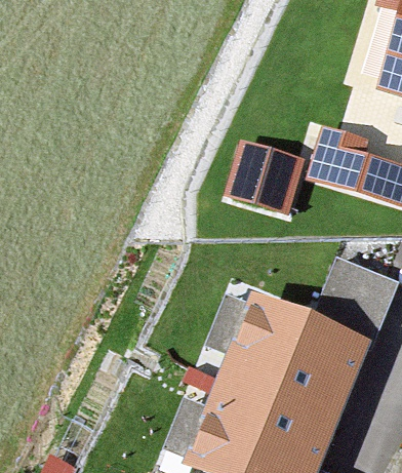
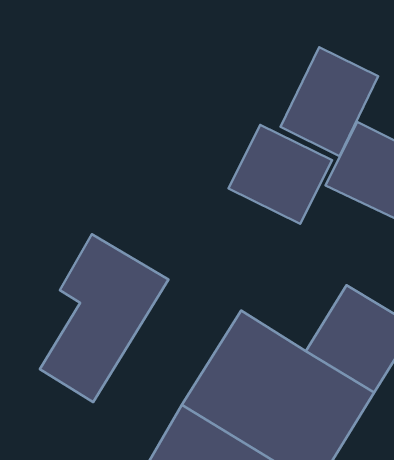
building: none -> [280,47,378,156]
building: none -> [40,234,169,402]

